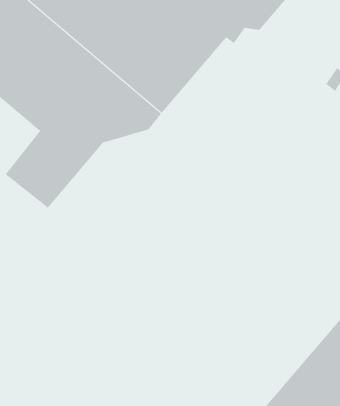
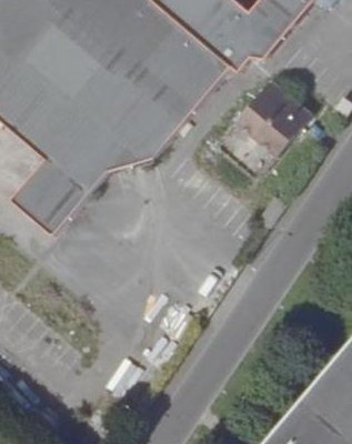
building: none -> [218,77,314,176]

